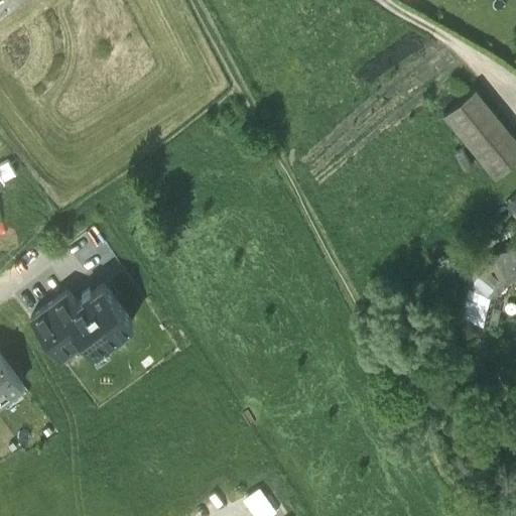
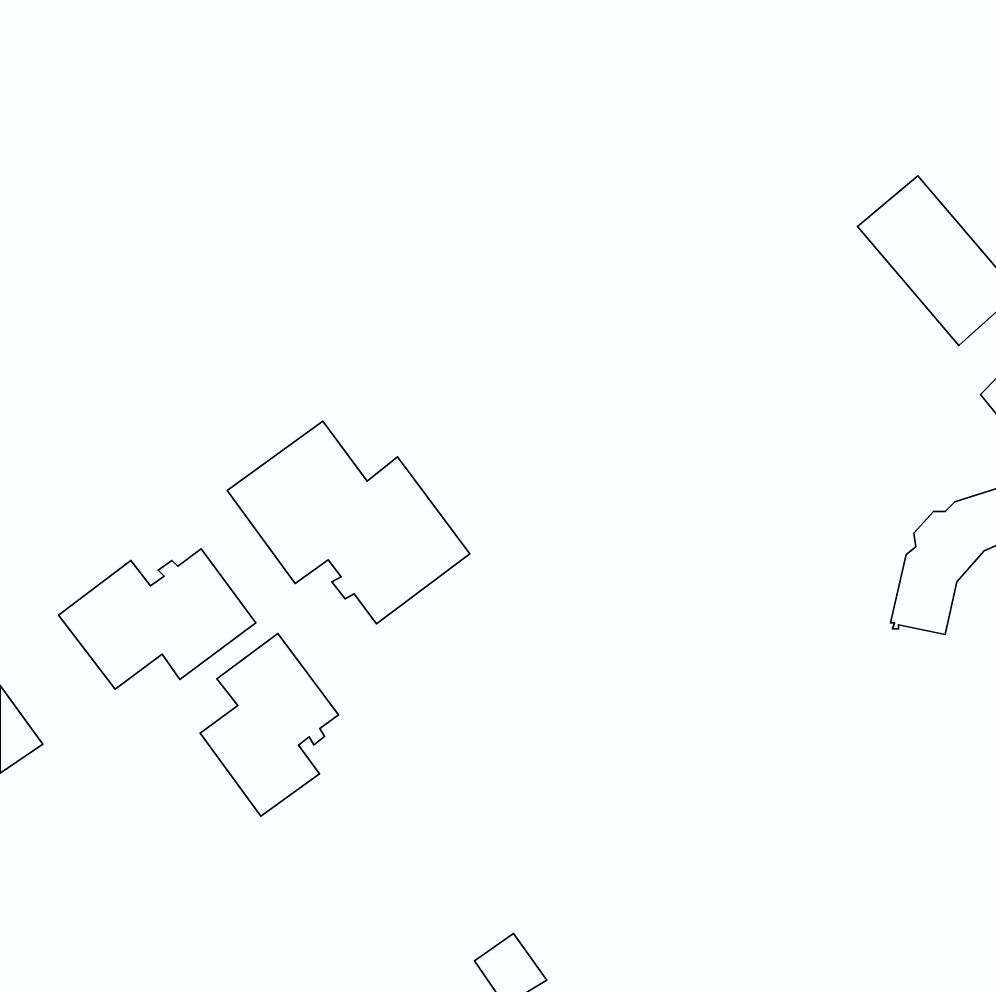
building: none -> [227,421,470,624]
building: none -> [200,633,339,816]

